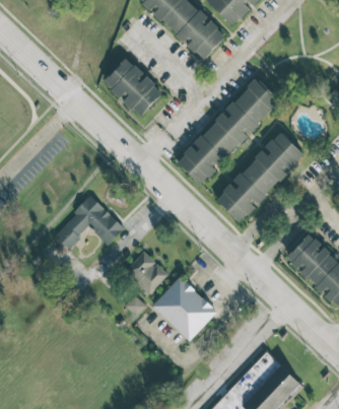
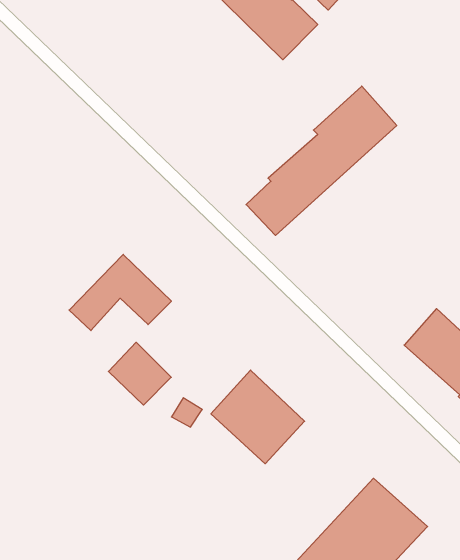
building: [103,58,163,118] -> none
building: [215,132,306,223] -> none
building: [125,251,168,294] -> [108,342,171,405]

